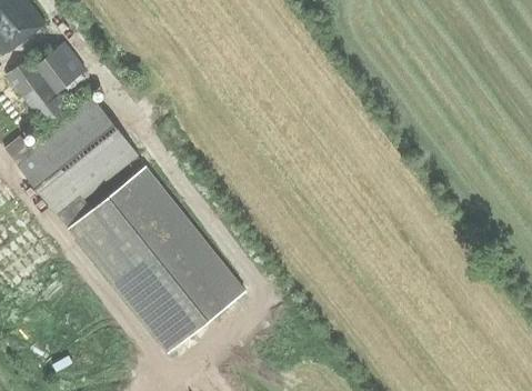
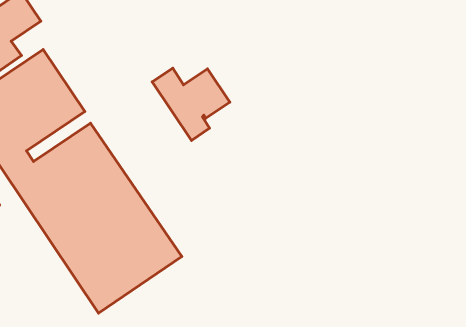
building: none -> [152,68,230,140]

